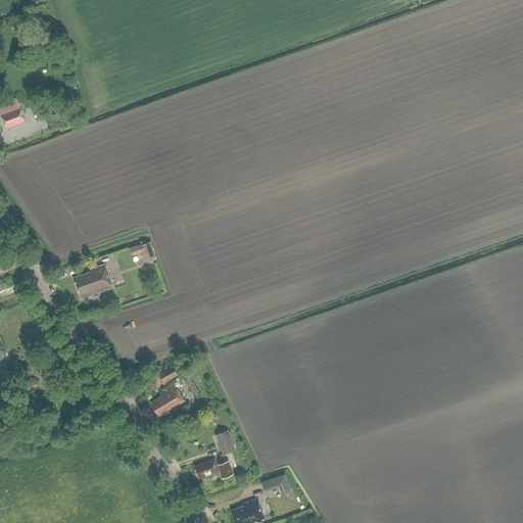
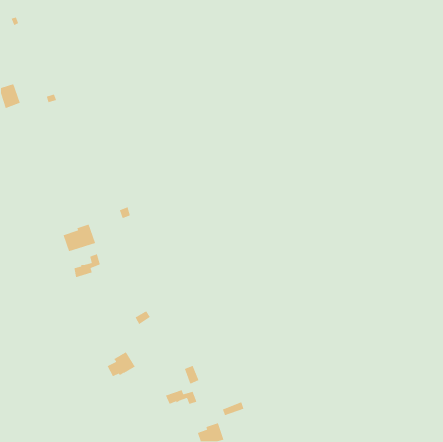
building: none -> [73,253,101,278]
building: [151,384,186,415] -> [106,351,136,377]

